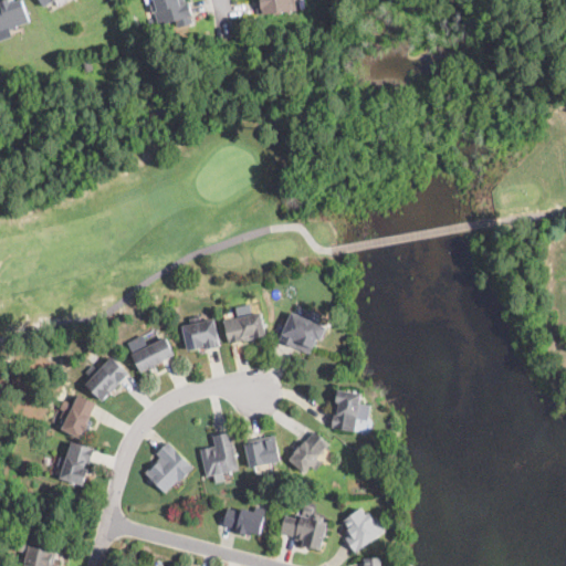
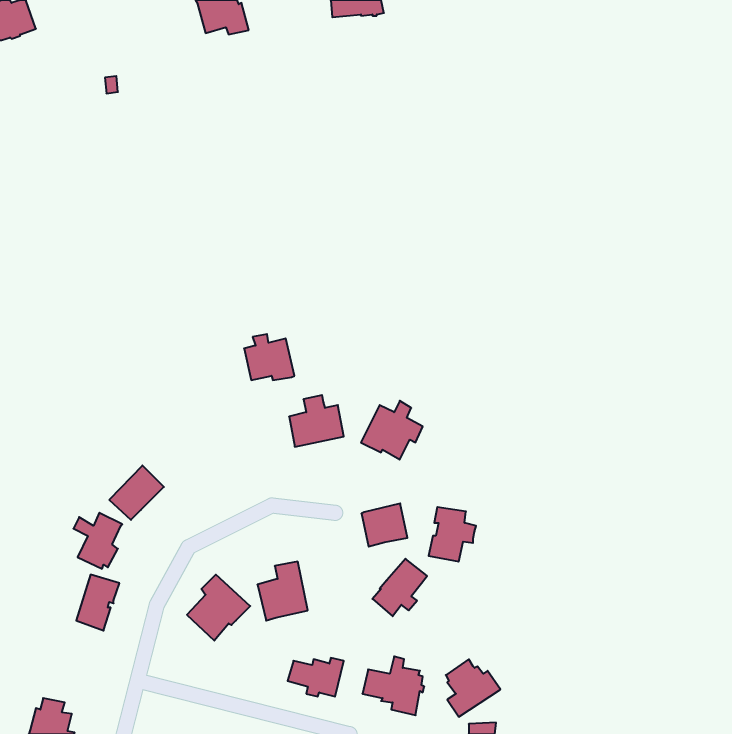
building: [180,314,219,349] -> [244,334,294,380]
building: [128,337,174,374] -> none
building: [243,434,279,468] -> [361,503,407,547]

